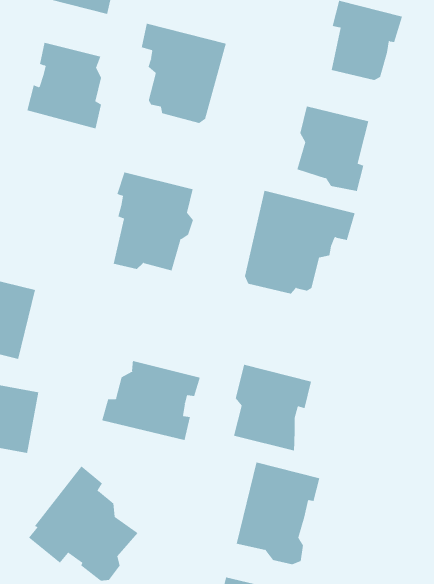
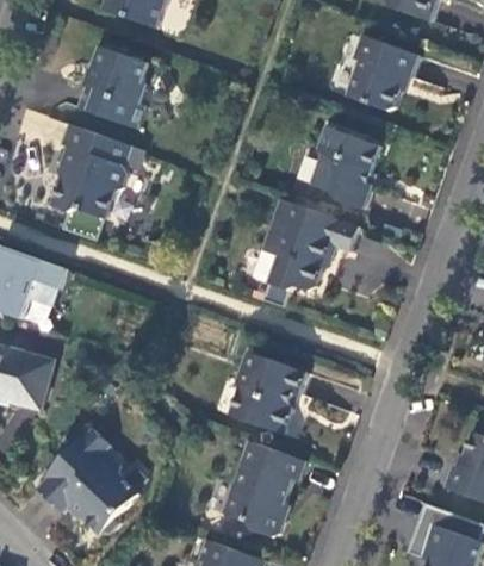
building: [141,23,226,124] -> none
building: [113,172,194,271] -> [50,125,129,218]
building: [102,360,201,441] -> none

